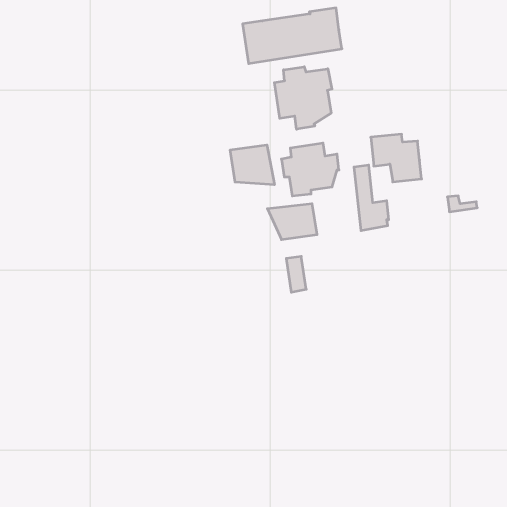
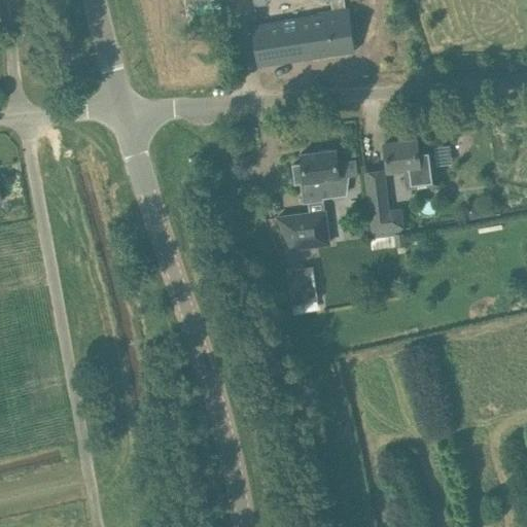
building: [274,67,332,129] -> none
building: [230,145,274,185] -> none

